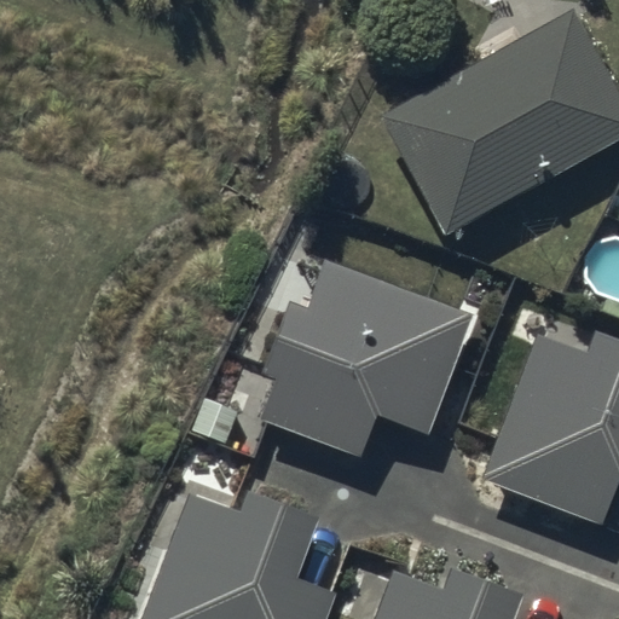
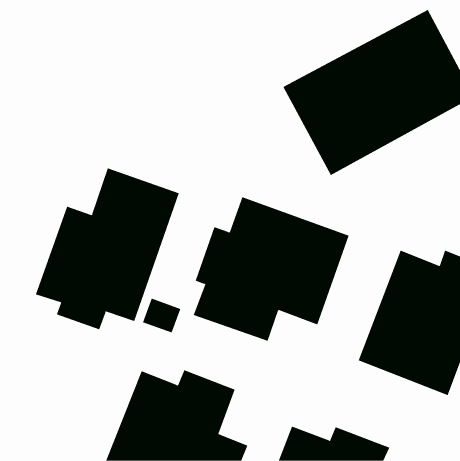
building: none -> [35,168,179,330]

